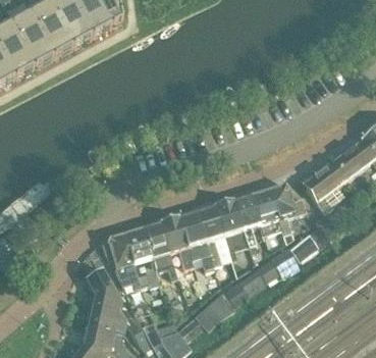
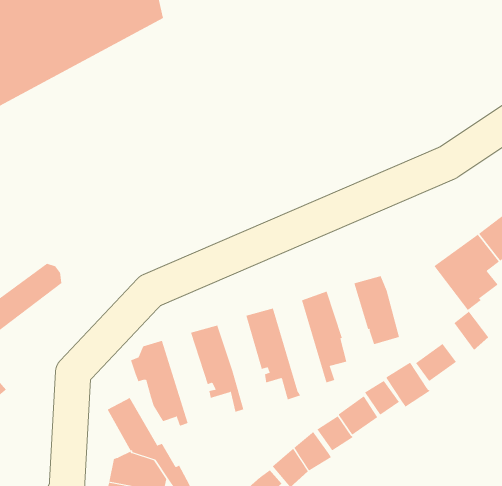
building: [267,185,306,242] -> none
building: [231,194,258,252] -> none
building: [196,205,223,265] -> none
building: [159,215,193,268] -> none
building: [122,226,158,287] -> none

